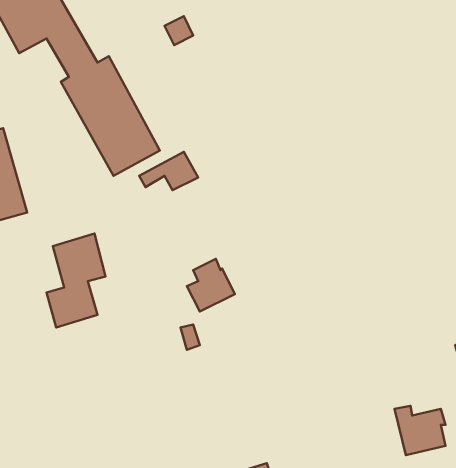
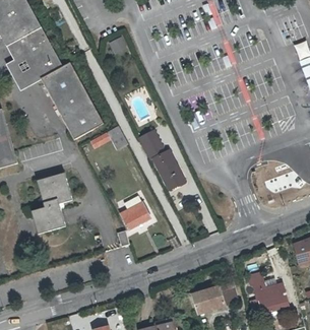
building: none -> [8,50,46,87]
building: none -> [139,129,185,187]
building: none -> [192,284,237,314]

